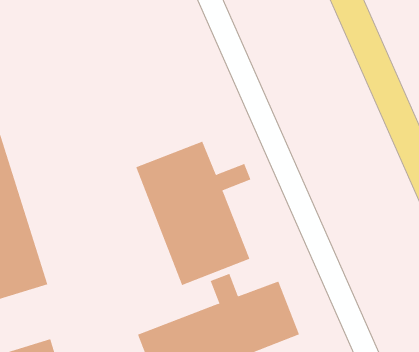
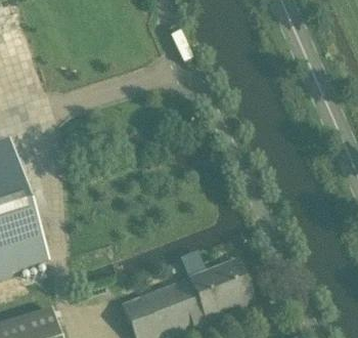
building: [135,141,251,286] -> none

